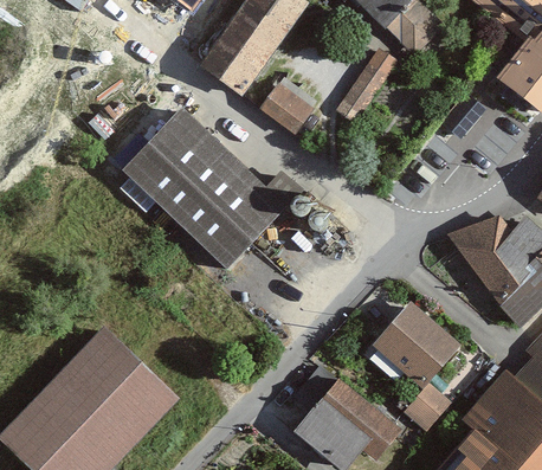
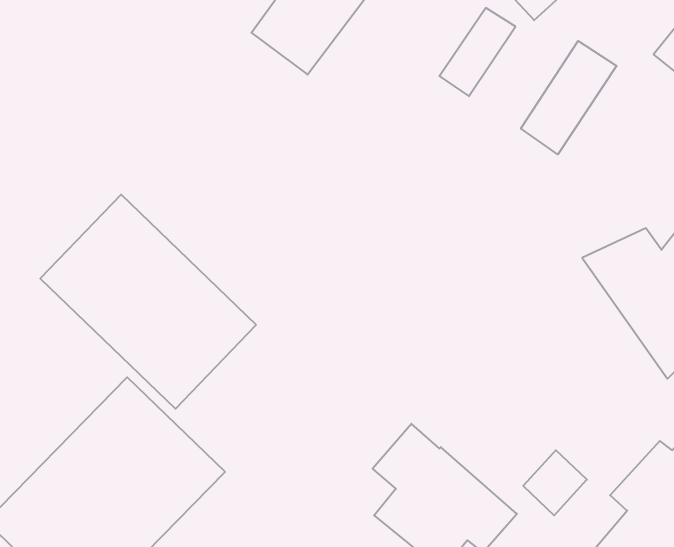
building: none -> [521,41,617,154]
building: [259,79,317,136] -> none
building: [122,108,286,271] -> [40,195,256,409]
building: [372,301,459,387] -> none

